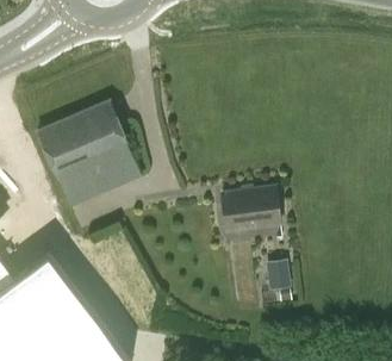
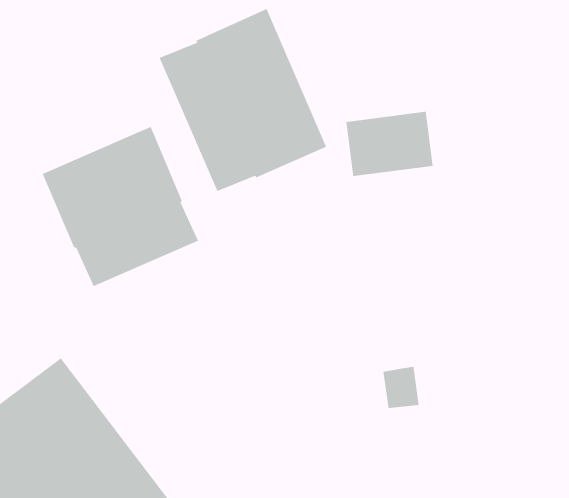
building: none -> [159,8,327,192]
building: [220,191,280,235] -> [345,111,434,177]

